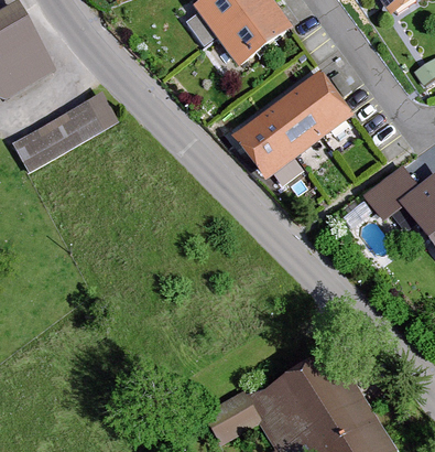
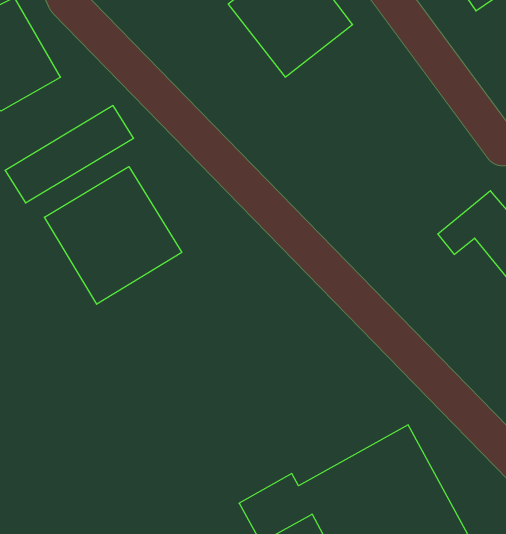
building: [236,71,354,181] -> none
building: none -> [44,167,182,304]

